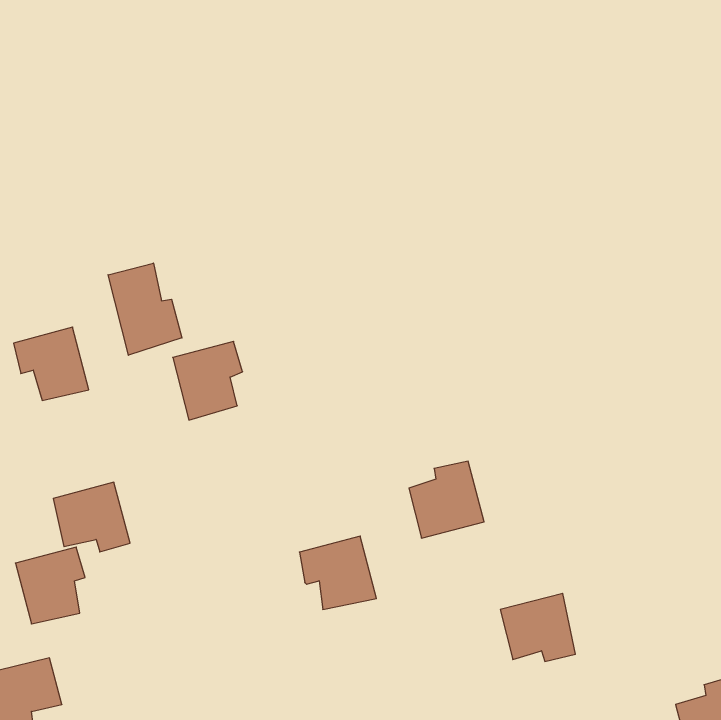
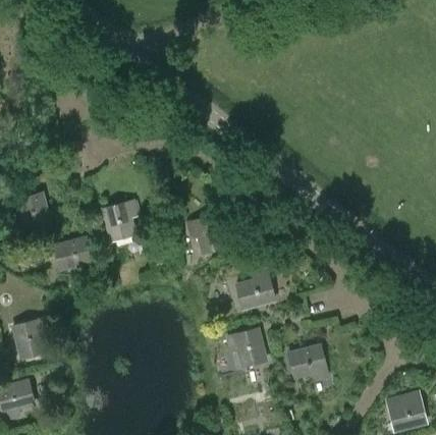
building: [108,263,182,355] -> none
building: none -> [184,213,227,255]
building: [53,482,130,552] -> [52,234,96,274]
building: [299,536,376,609] -> [224,326,268,368]

